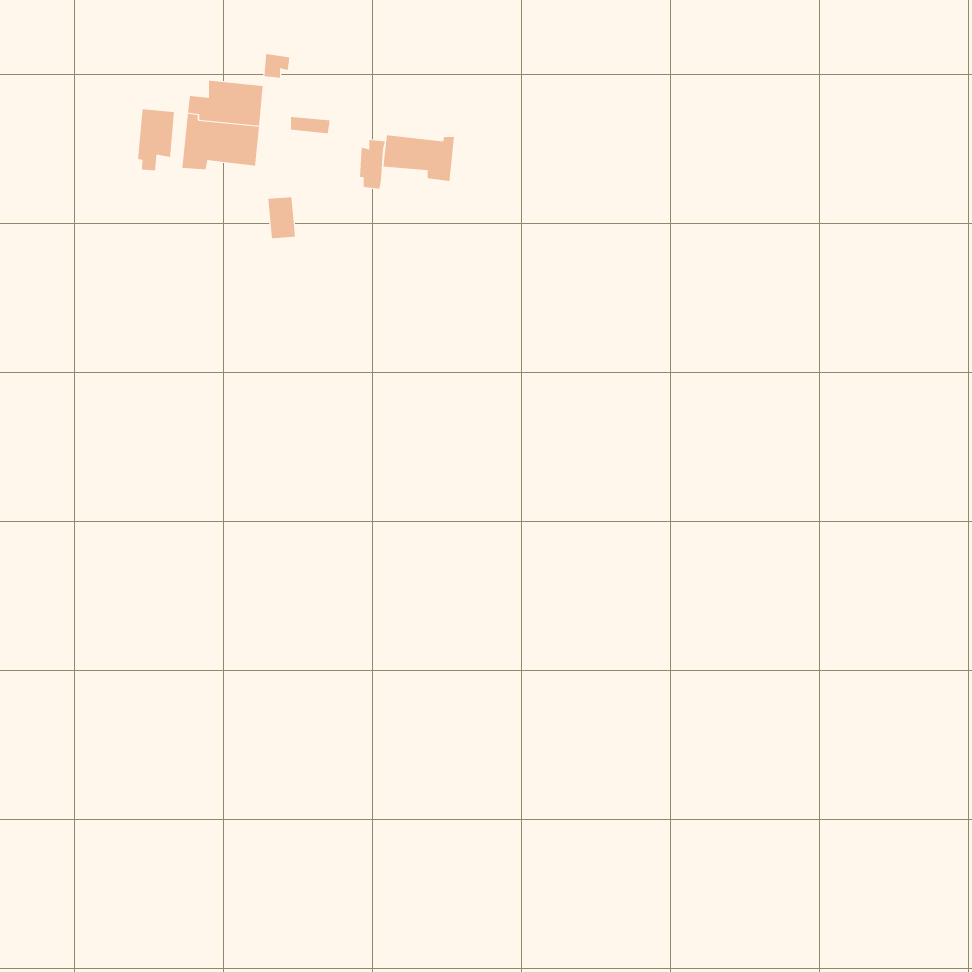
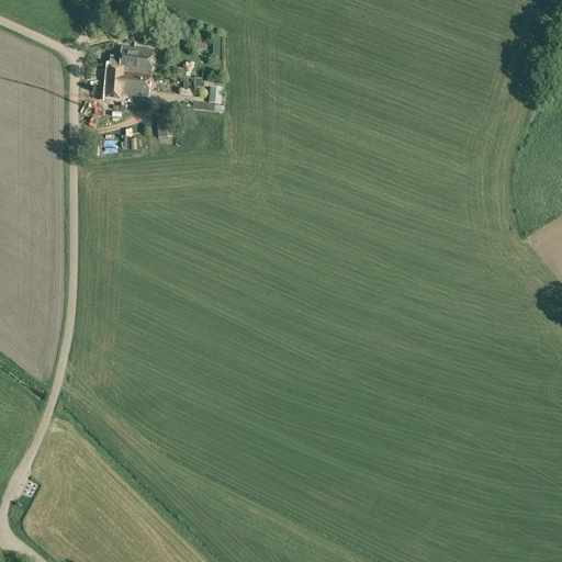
building: [137,108,175,171] -> none
building: [383,135,454,182] -> none

